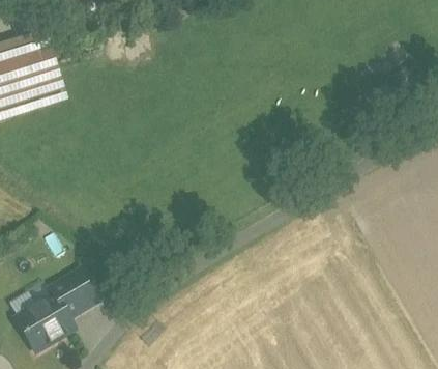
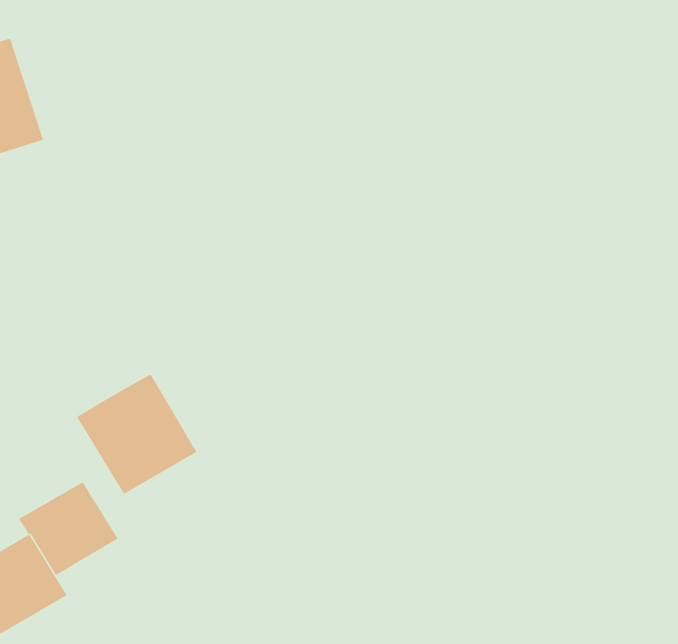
building: none -> [76,374,197,494]

